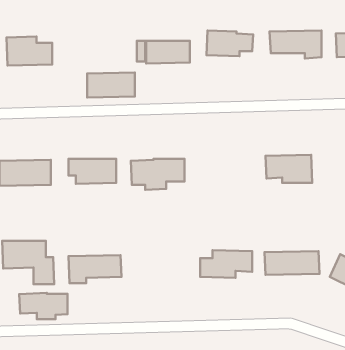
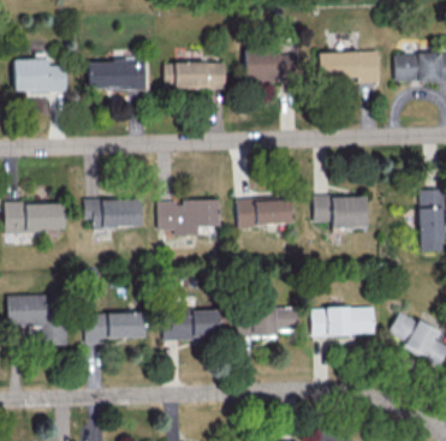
building: [87,73,135,97] -> [90,61,145,90]
building: none -> [238,198,293,227]
building: none -> [165,311,220,340]
building: [19,293,67,319] -> none

